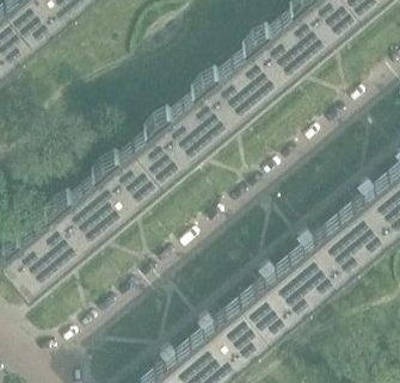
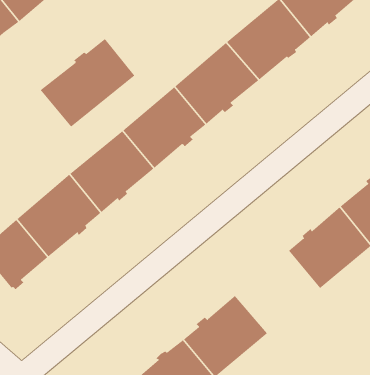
building: none -> [40,38,135,127]
building: [236,259,316,336] -> none

